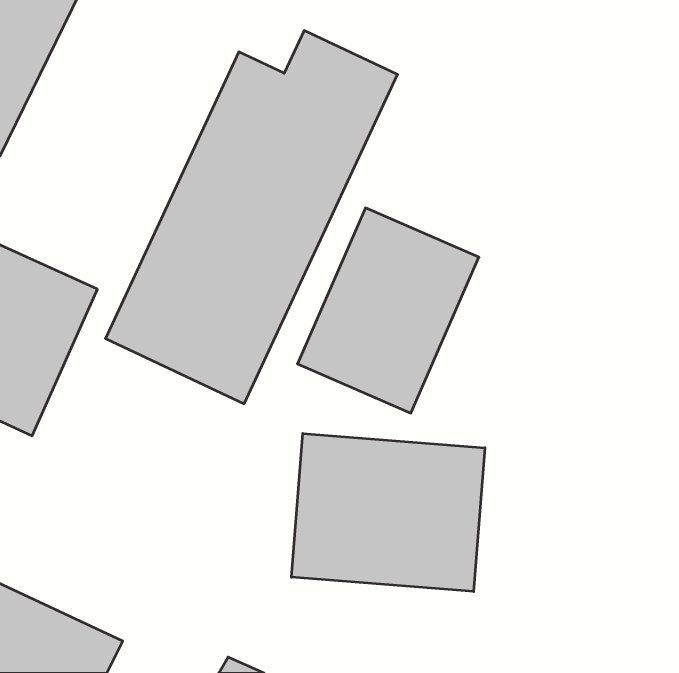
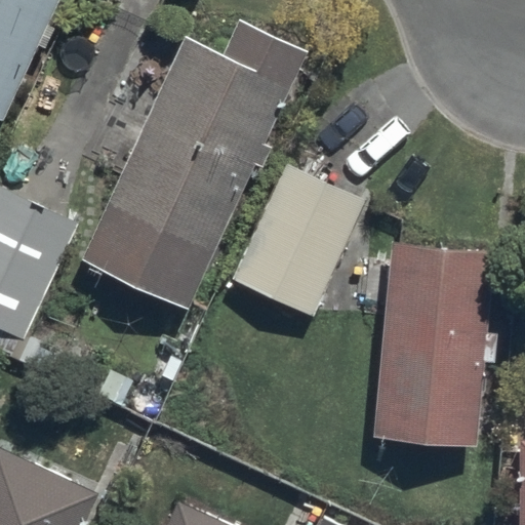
building: none -> [373,245,493,448]
building: [291,433,485,592] -> none

